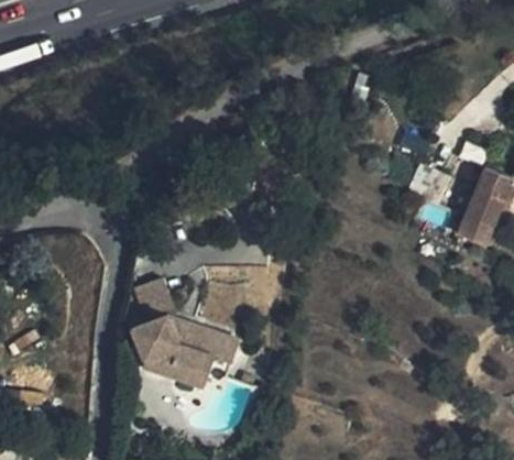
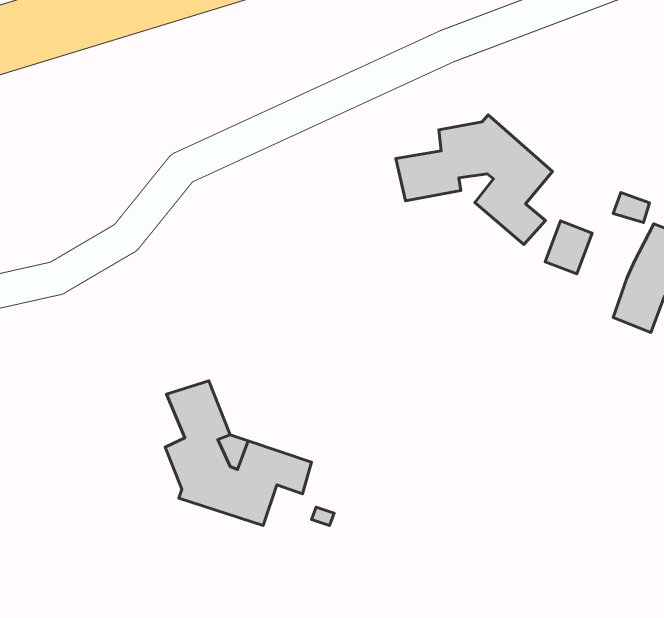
building: none -> [396,115,553,245]

